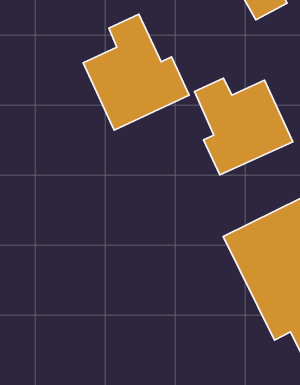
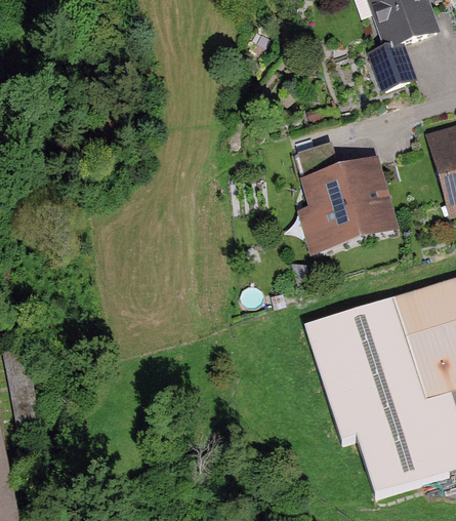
building: [83,14,189,130] -> none

